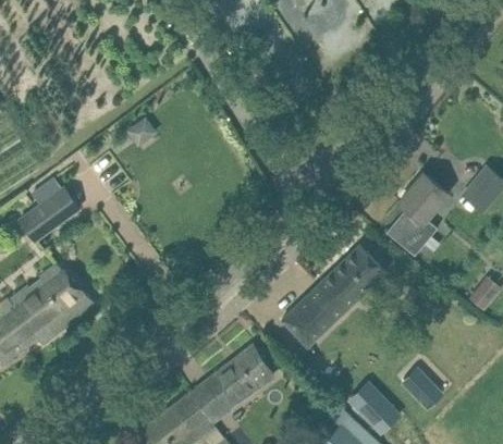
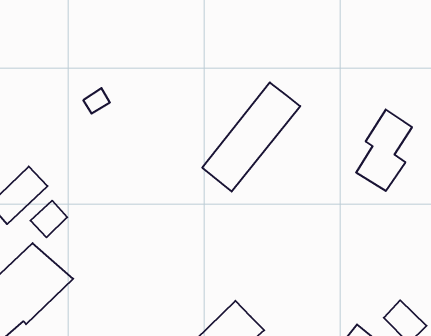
building: none -> [30,201,67,237]
building: [281,245,385,348] -> [202,82,300,192]

